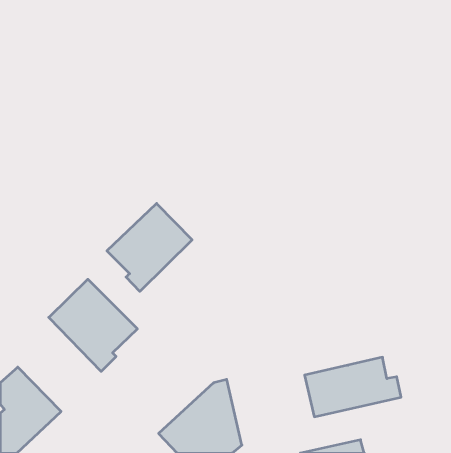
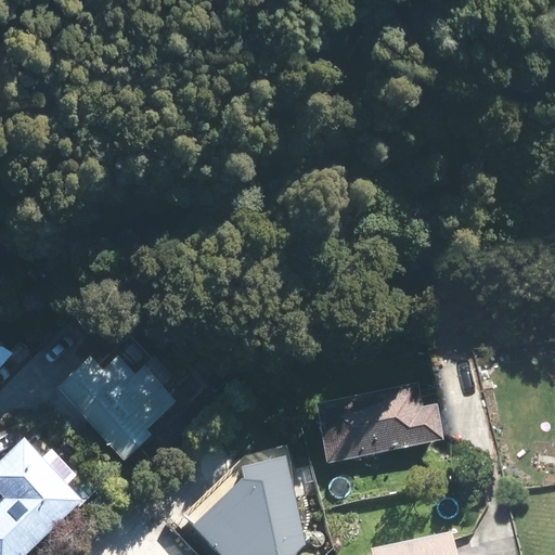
building: [107,203,192,291] -> none
building: [305,357,401,417] -> [319,387,437,460]

